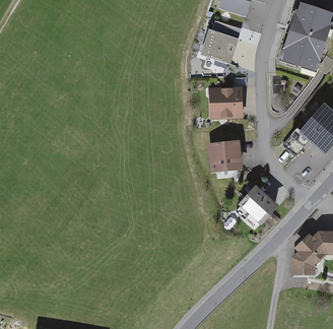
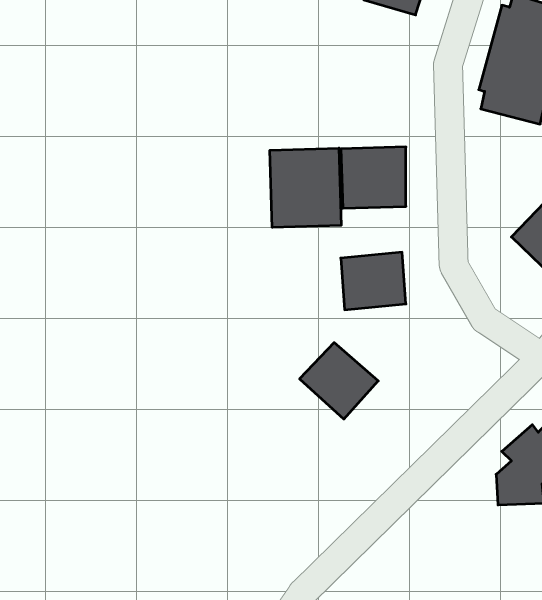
building: [200,27,239,62] -> none
building: none -> [270,148,341,227]
building: [238,186,279,226] -> [300,343,378,419]

